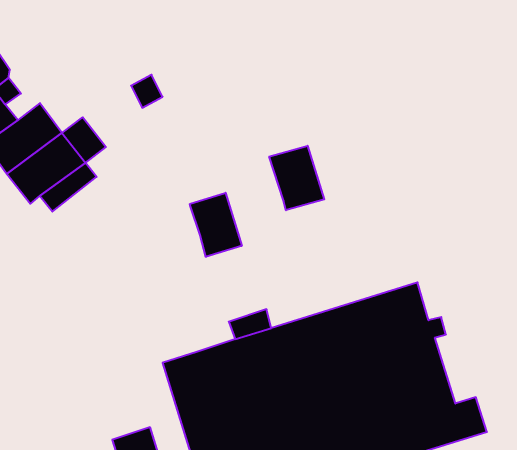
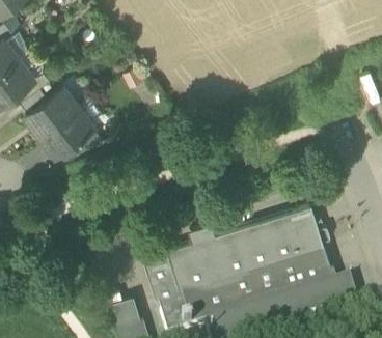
building: [269,146,324,210] -> none
building: [190,193,242,257] -> none

